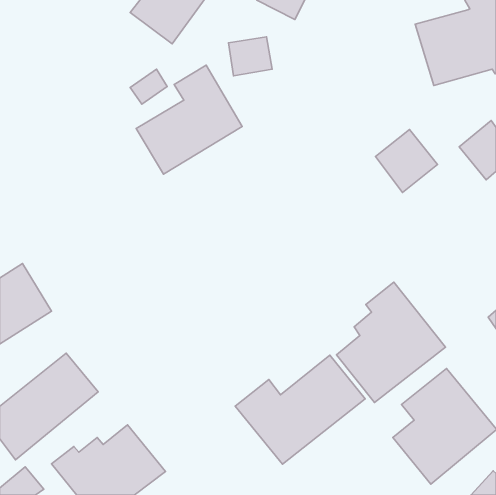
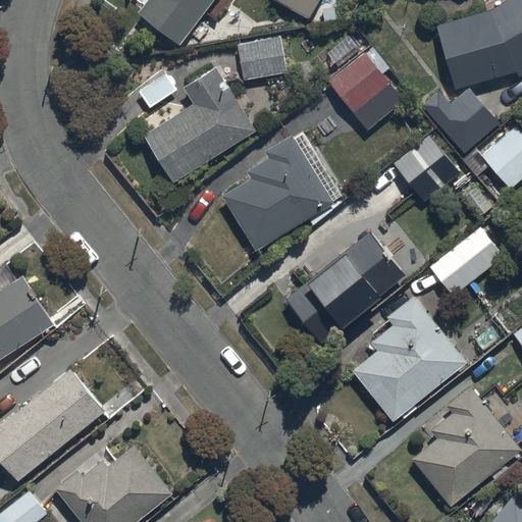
building: none -> [328,45,403,130]
building: none -> [421,88,500,153]
building: none -> [222,135,342,252]
building: none -> [428,228,502,297]
building: none -> [274,233,405,345]
building: [235,355,365,464] -> none

